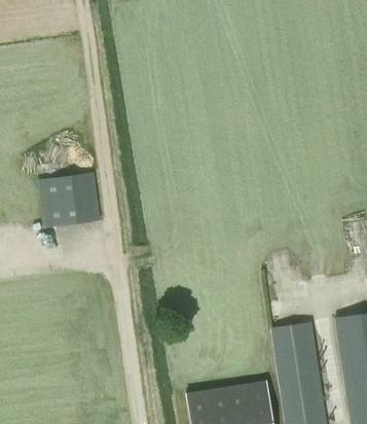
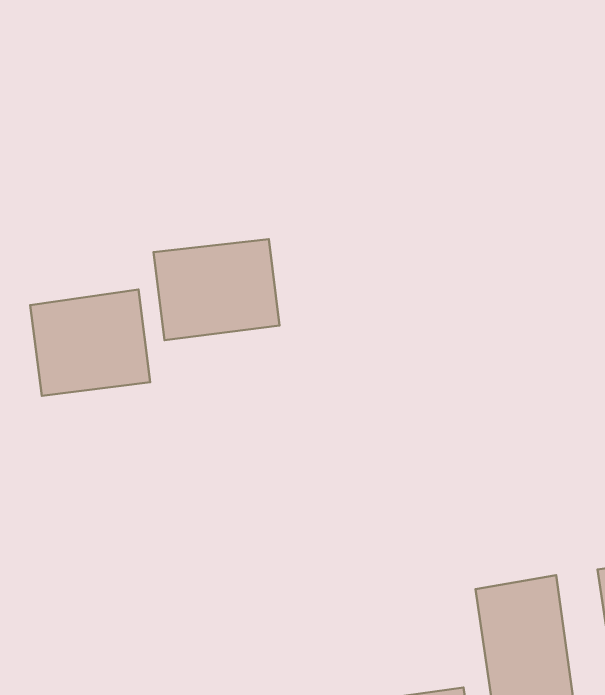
building: none -> [153,239,280,340]

